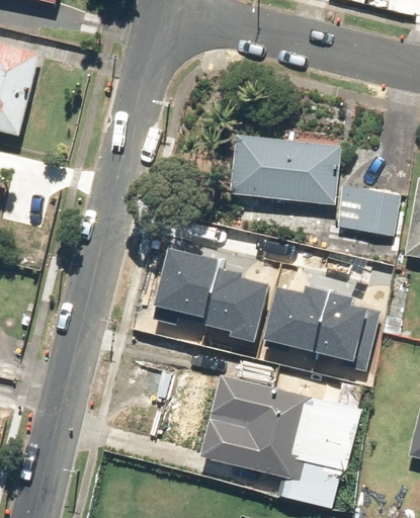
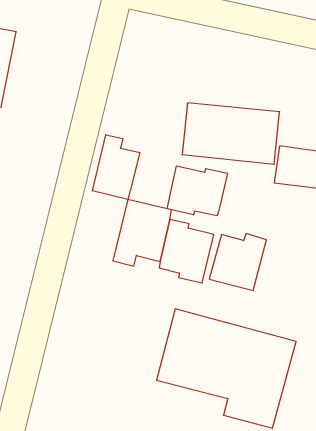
building: none -> [92,135,140,199]
building: none -> [167,166,228,216]
building: [312,292,375,364] -> none

